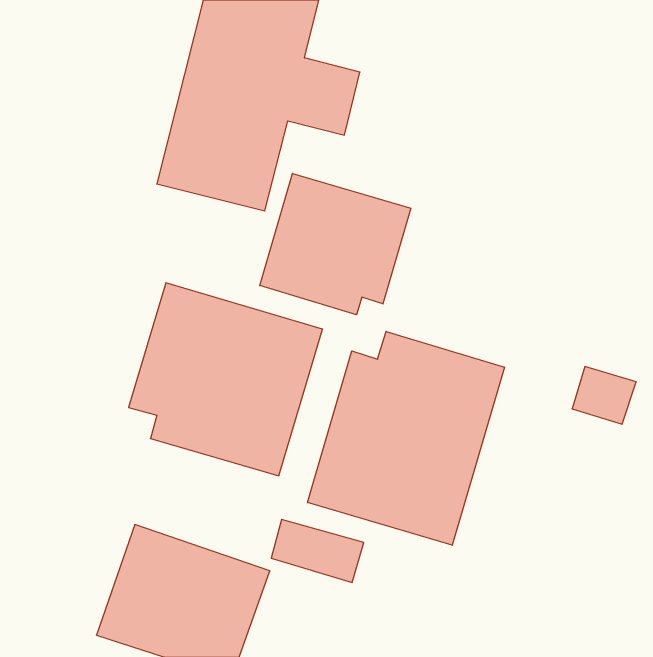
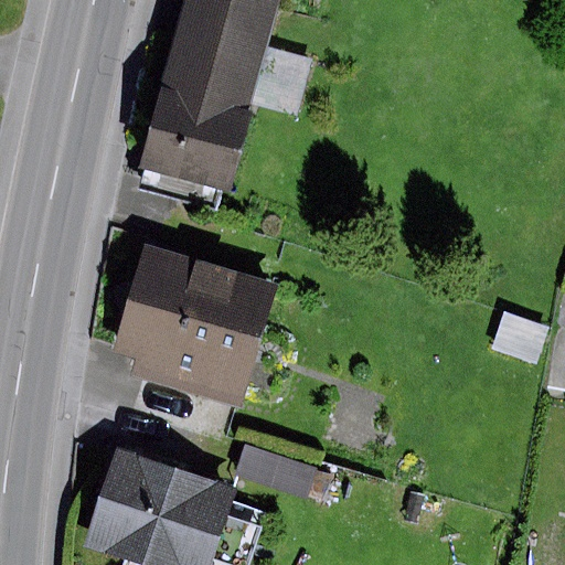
building: [260,173,411,315] -> none
building: [308,331,504,545] -> none

